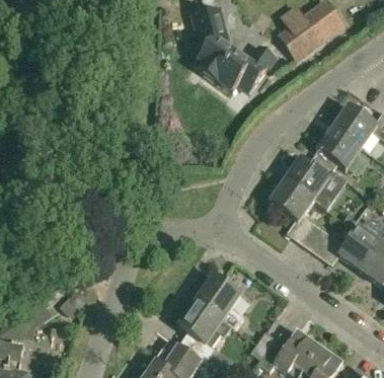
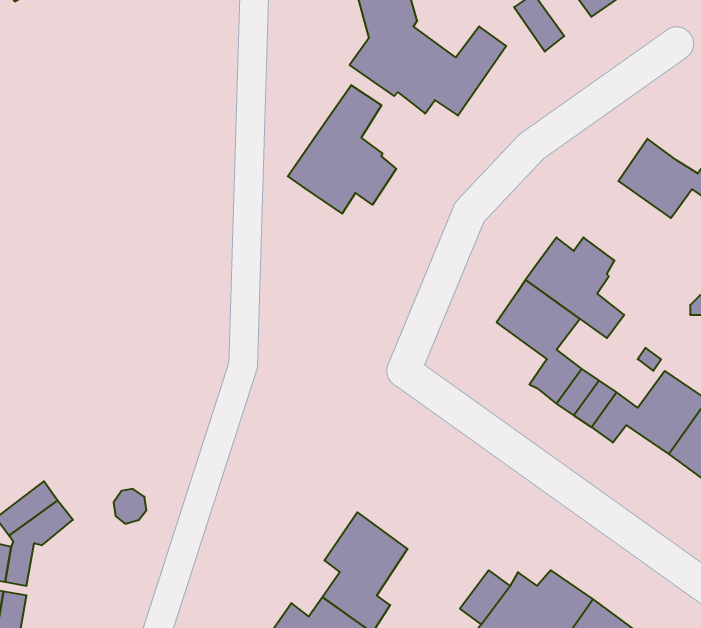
building: none -> [288,85,396,214]
building: [315,127,361,168] -> none
building: [197,275,244,327] -> none

